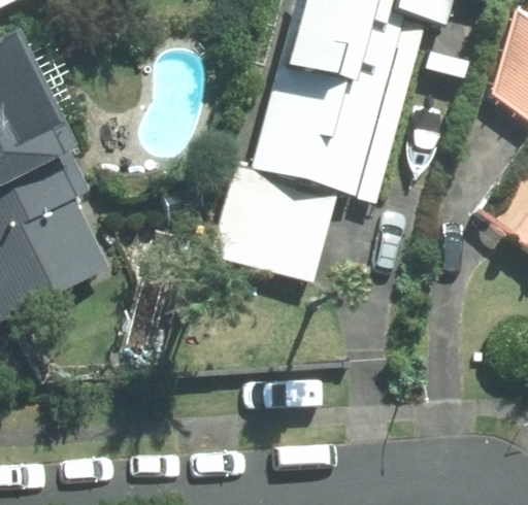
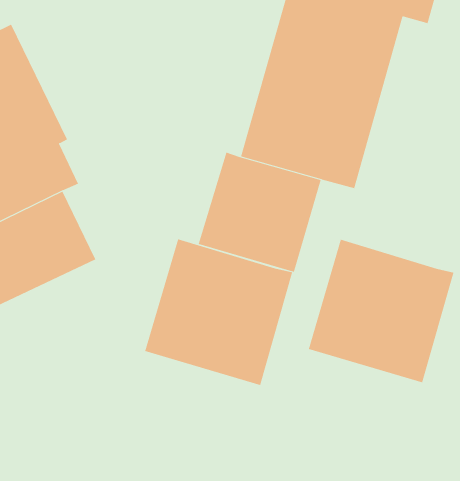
building: none -> [145,238,293,386]
building: none -> [308,239,454,383]

